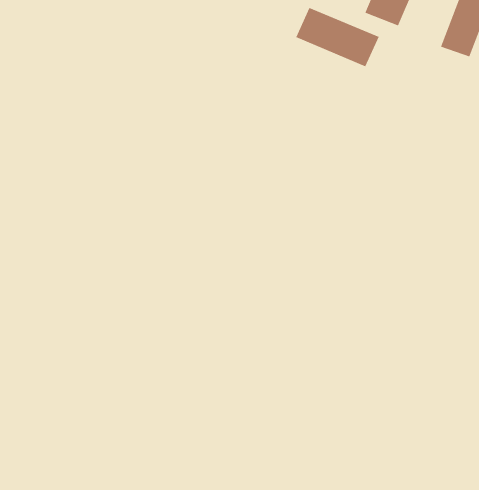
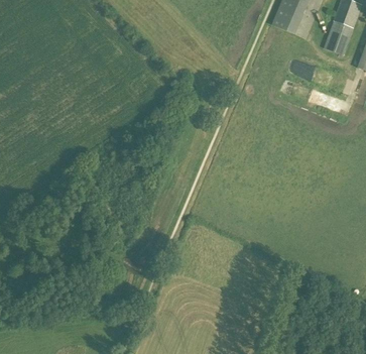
building: [295,7,379,67] -> none

